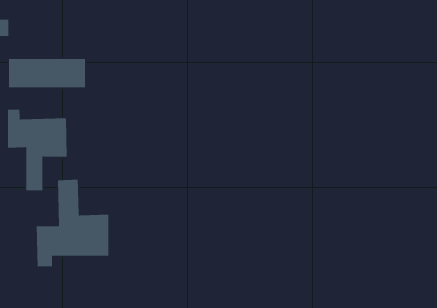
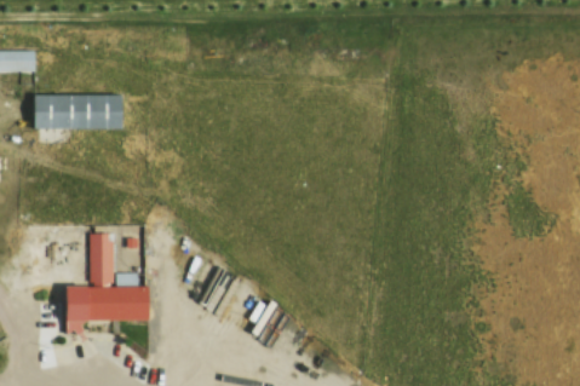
building: [7,109,68,191] -> none

